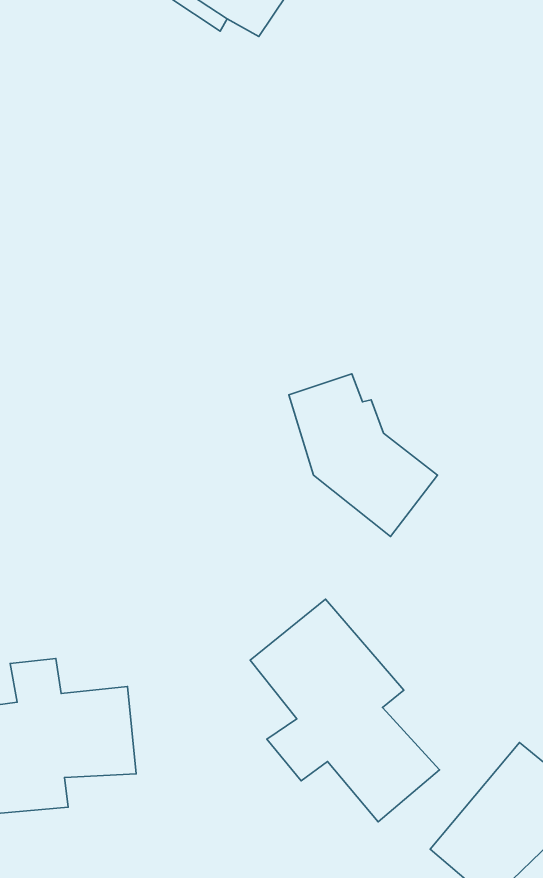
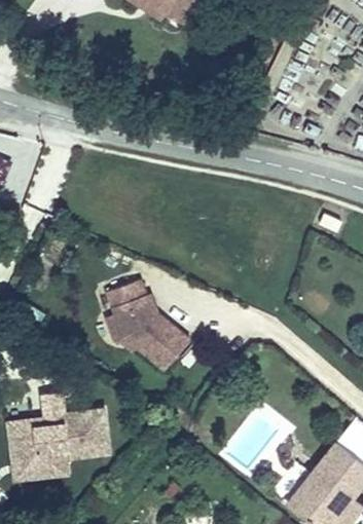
building: [289,374,438,537] -> [105,278,192,374]
building: [250,599,440,822] -> none

